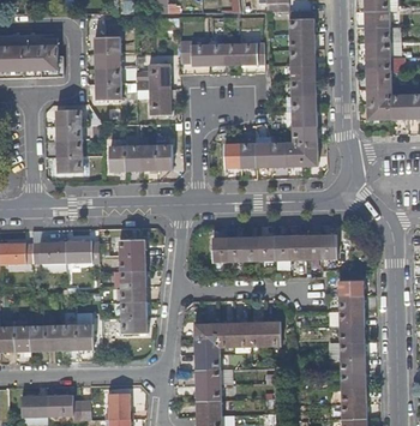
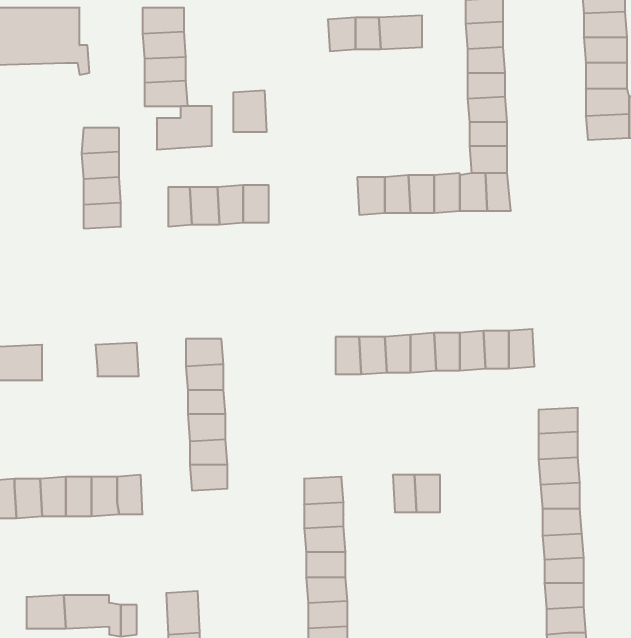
building: [180,40,210,65] -> none
building: [137,65,170,91] -> [157,106,212,150]
building: [35,244,68,265] -> none
building: [217,323,250,347] -> none

